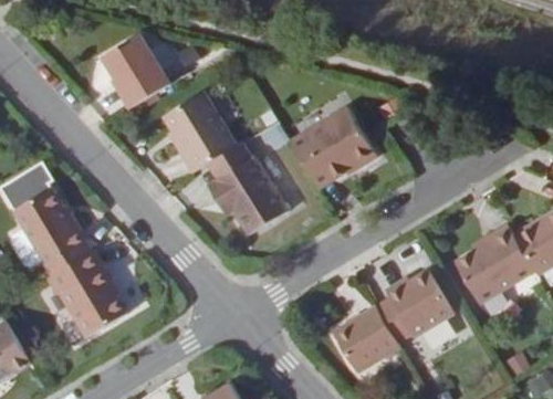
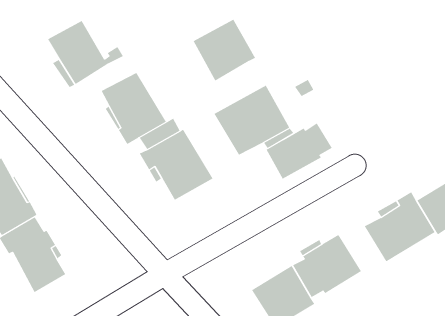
building: none -> [193,19,256,82]
building: none -> [266,123,332,180]

